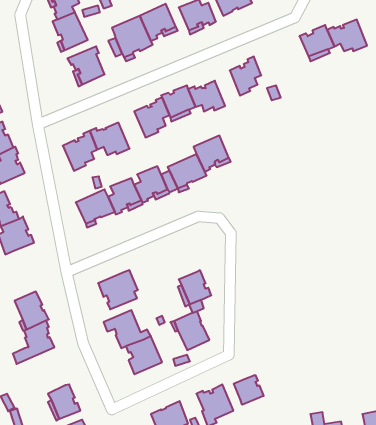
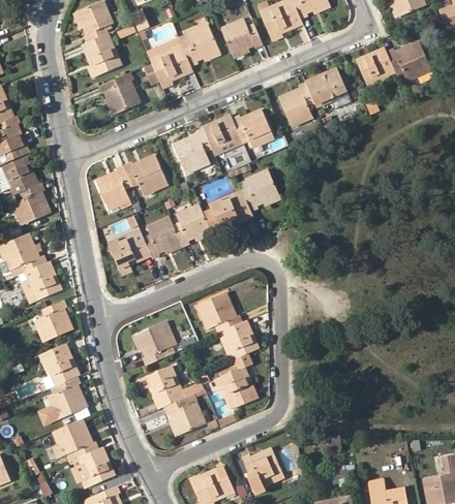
building: none -> [306,69,352,107]
building: none -> [196,291,242,330]
building: none -> [37,300,71,342]
building: none -> [52,418,96,458]
building: [234,375,264,405] -> none

